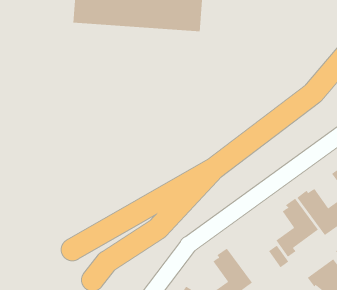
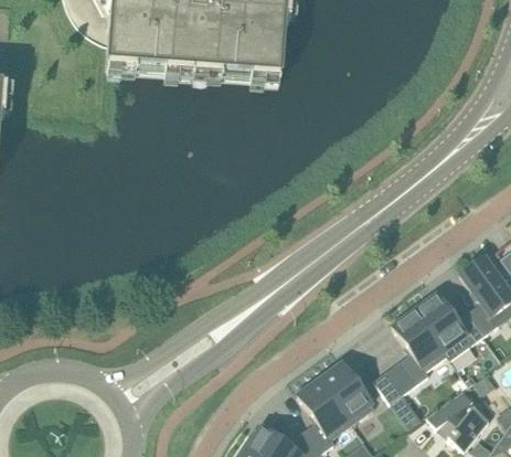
building: none -> [319,361,376,422]

